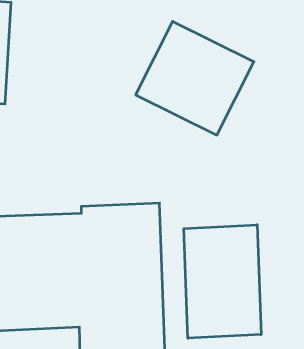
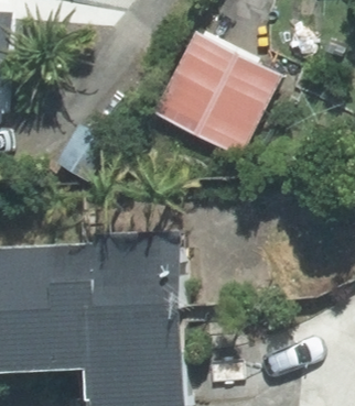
building: [184,225,261,338] -> none

